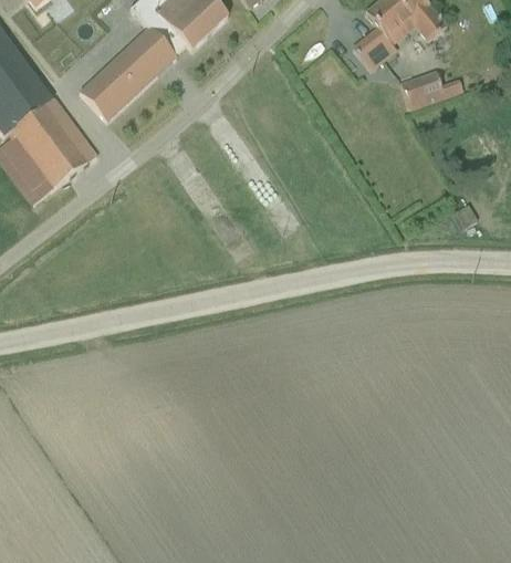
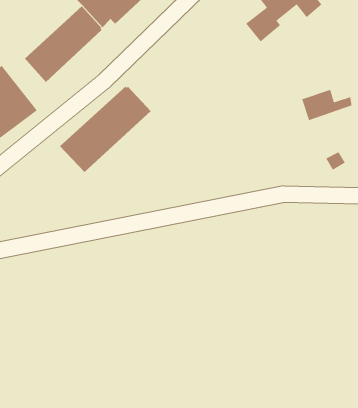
building: [400,67,463,107] -> [301,89,352,121]
building: none -> [59,86,151,173]

